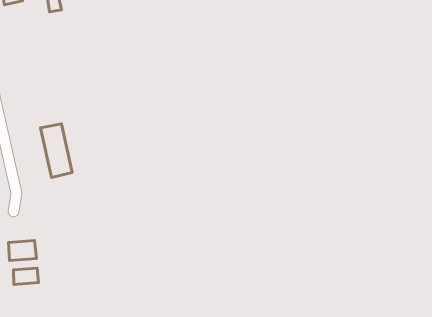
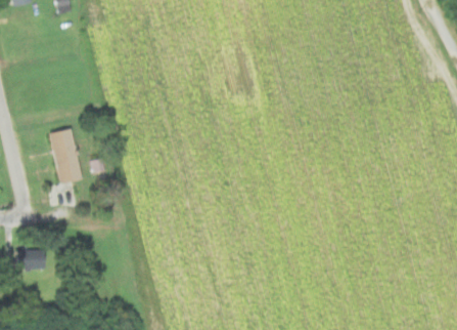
building: [13,268,39,284] -> none

